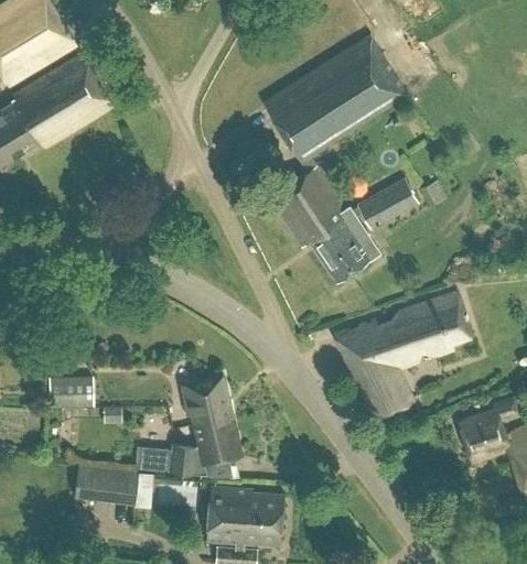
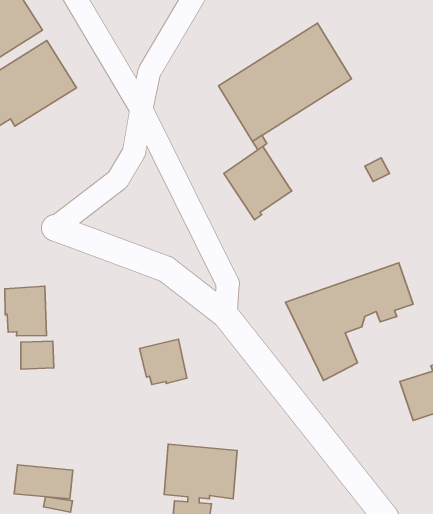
building: [309,177,420,281] -> none
building: none -> [5,286,46,336]
building: [140,416,239,475] -> none
building: [75,468,138,505] -> [14,465,73,499]

